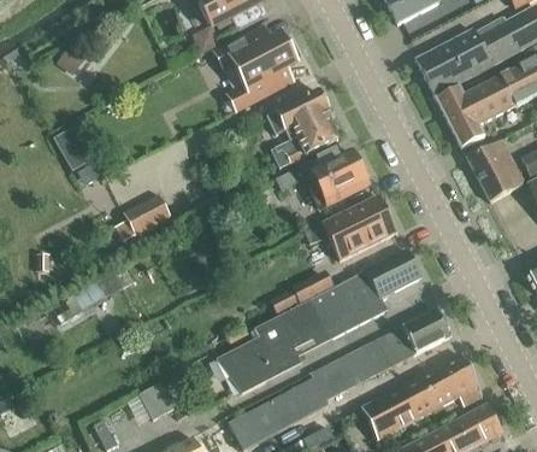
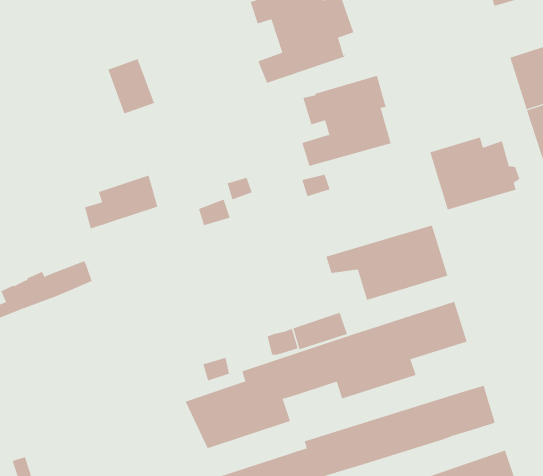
building: [54,124,94,168] -> [107,59,155,114]
building: [300,149,371,209] -> [430,137,520,210]
building: [141,382,177,421] -> none

